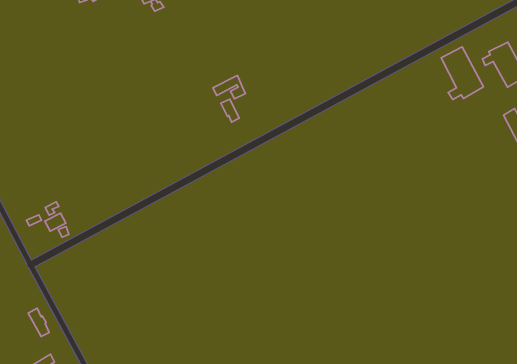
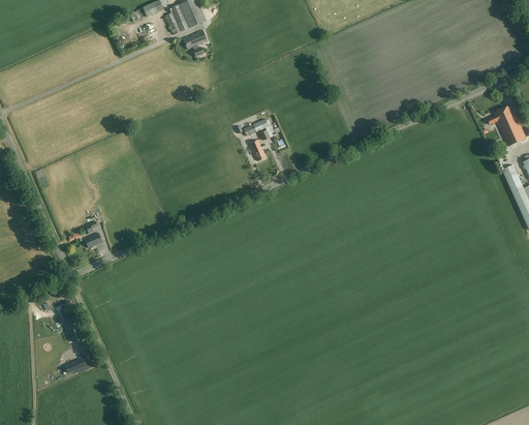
building: [441,47,484,100] -> none

